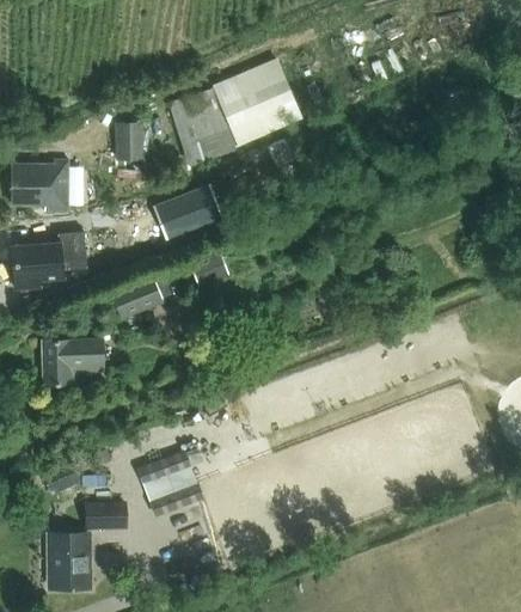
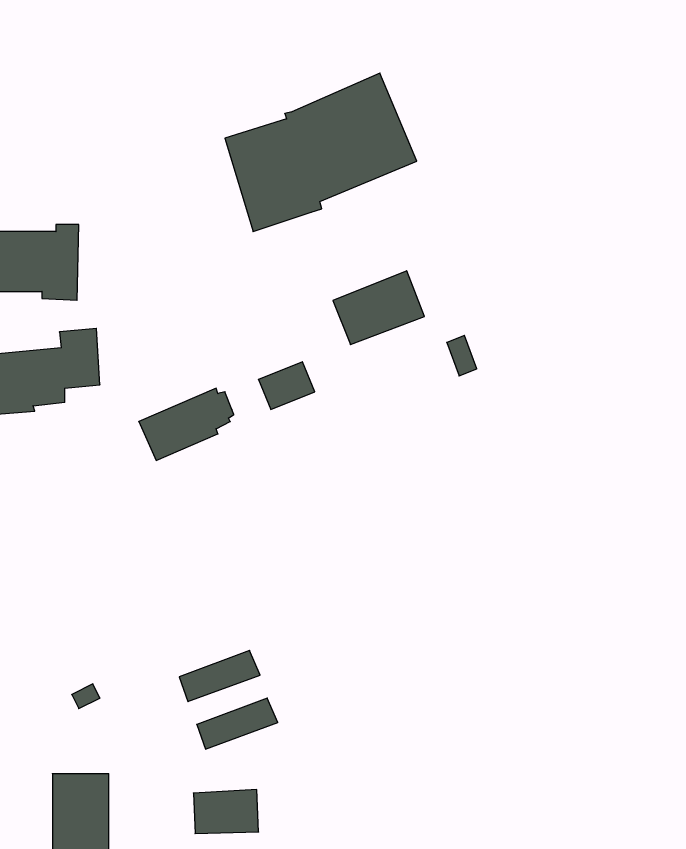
building: [116,121,145,160] -> none
building: [159,185,221,235] -> [333,271,424,345]
building: [42,338,104,385] -> none
building: [85,500,129,530] -> [193,790,259,834]

